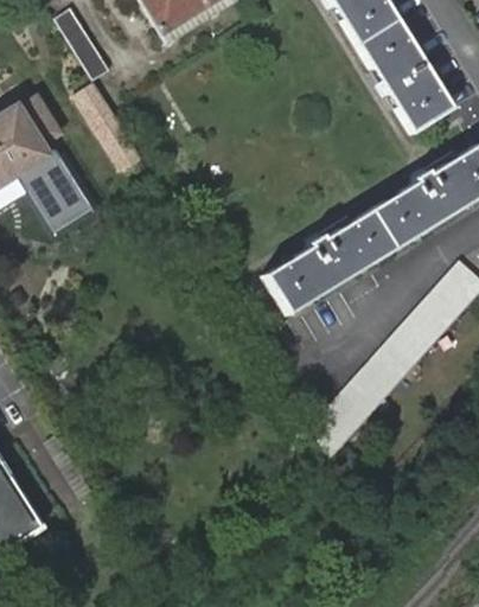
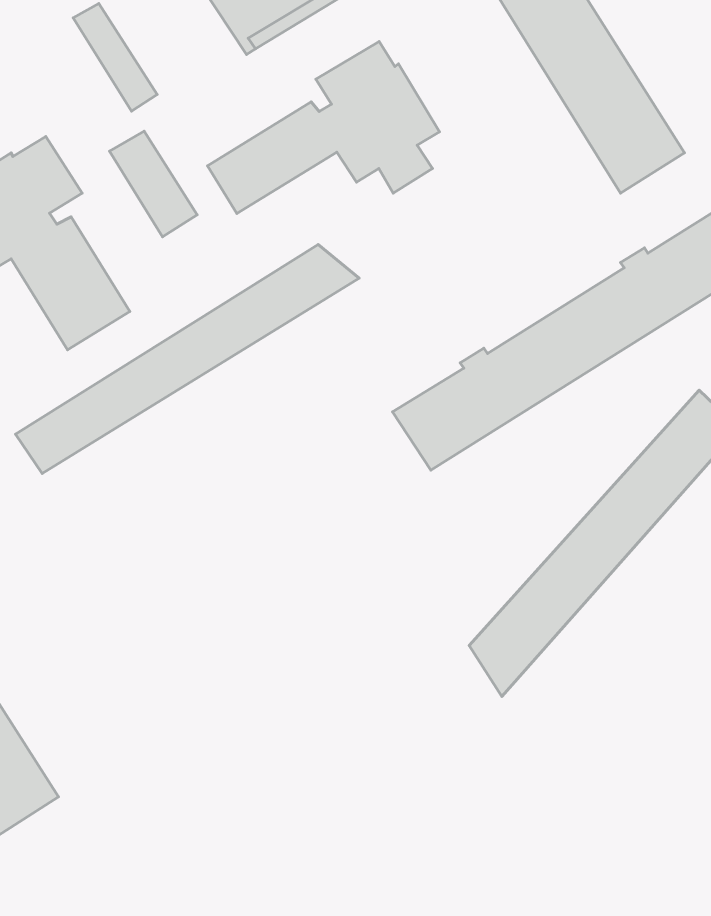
building: none -> [207,41,440,214]
building: none -> [15,245,359,473]

